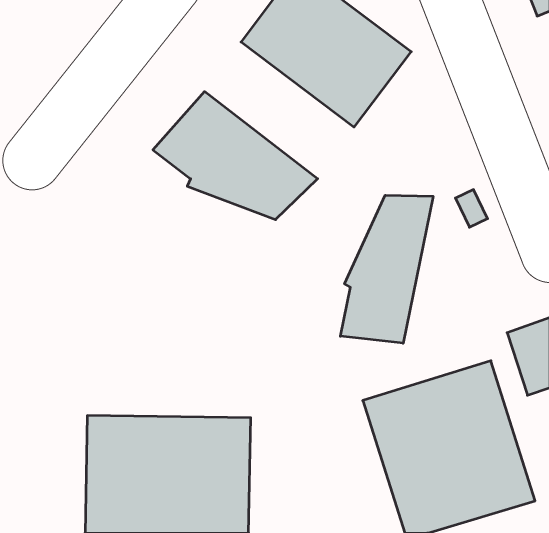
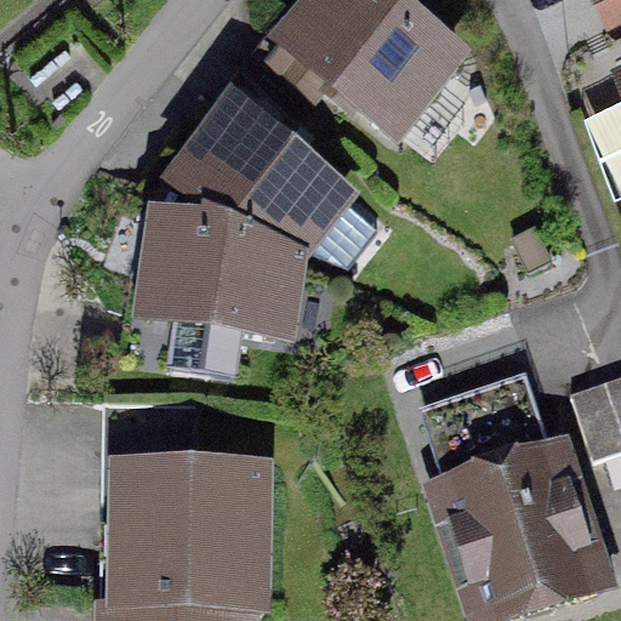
building: none -> [147,210,312,368]
building: [340,195,433,343] -> none

